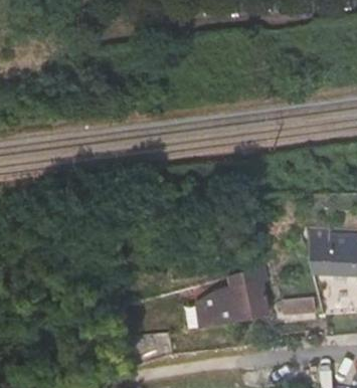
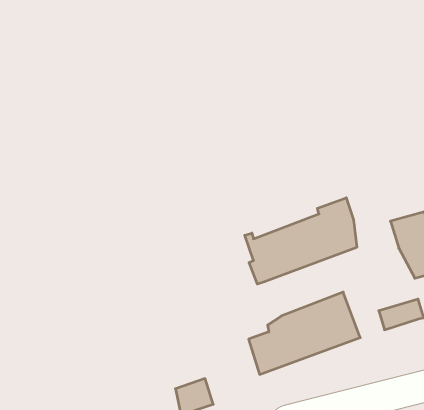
building: none -> [245,198,357,284]

